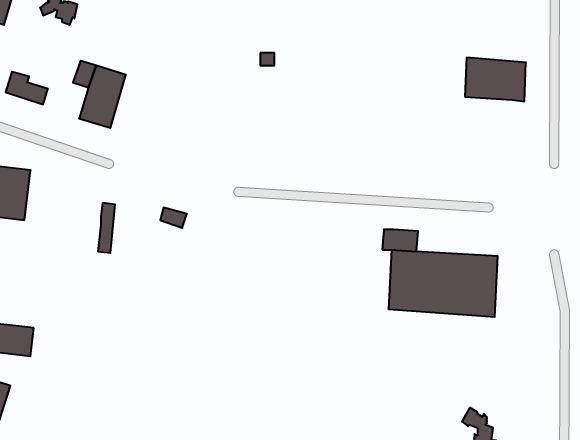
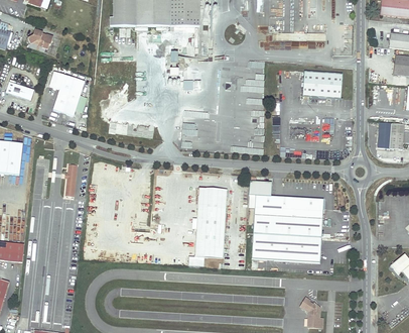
building: none -> [194,187,227,257]
building: none -> [251,232,321,261]

